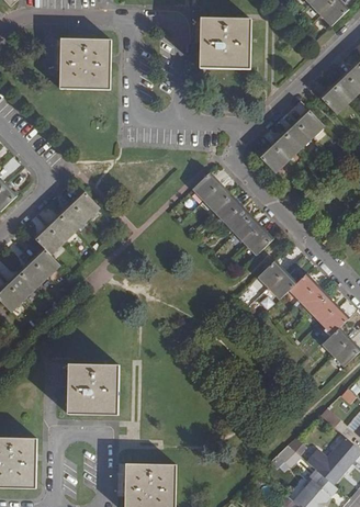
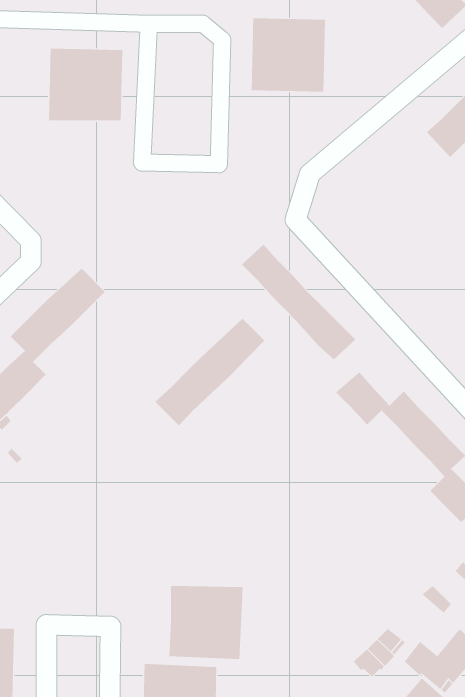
building: [258,108,323,171] -> none
building: none -> [154,318,265,426]
building: [67,363,119,415] -> [168,585,243,660]

